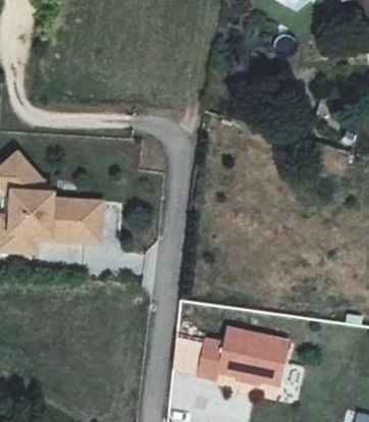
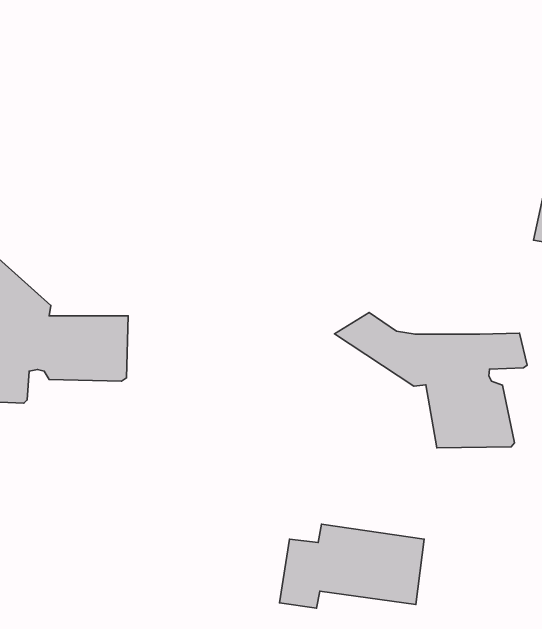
building: none -> [334,312,527,448]

